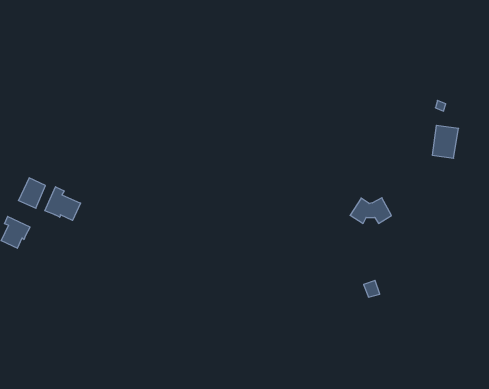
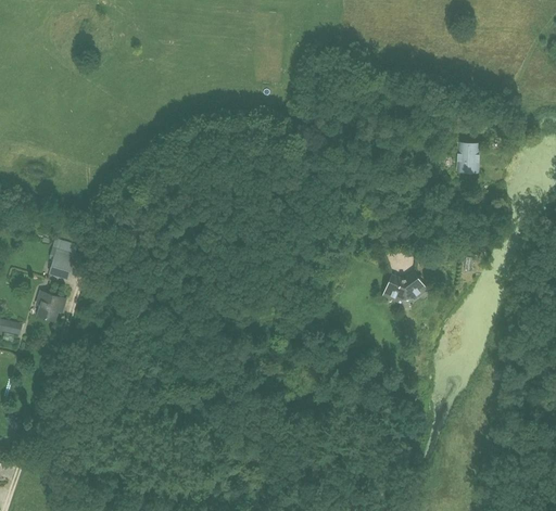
building: [45,187,81,220] -> none
building: [350,198,391,223] -> [384,273,426,302]

